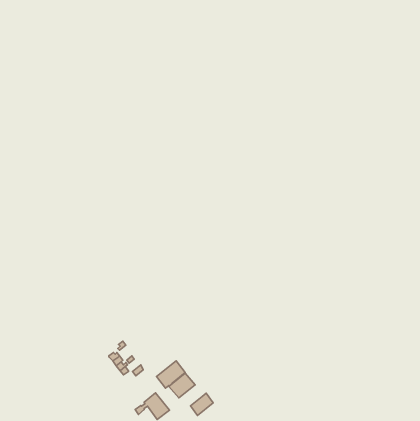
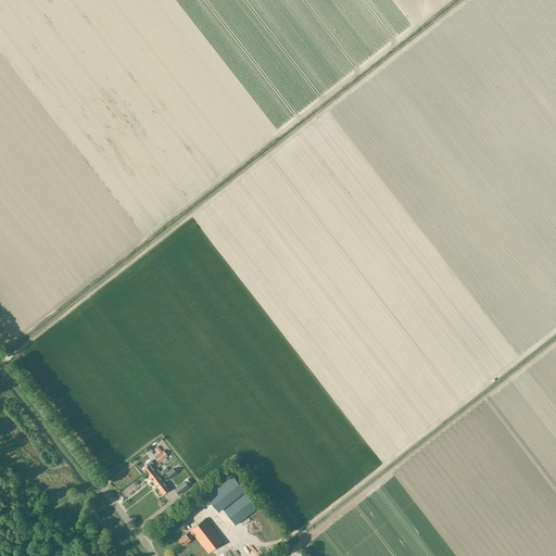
building: [190,393,213,416] -> none

